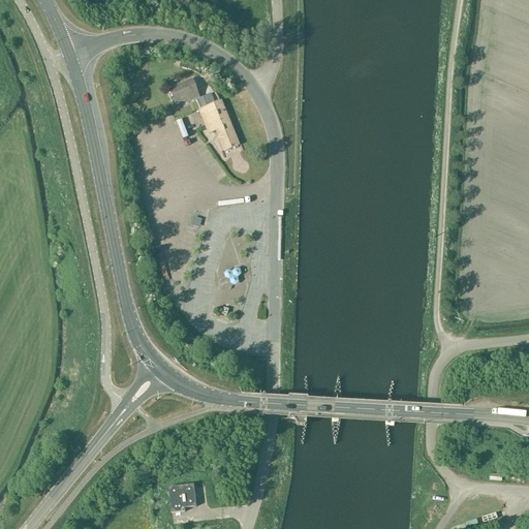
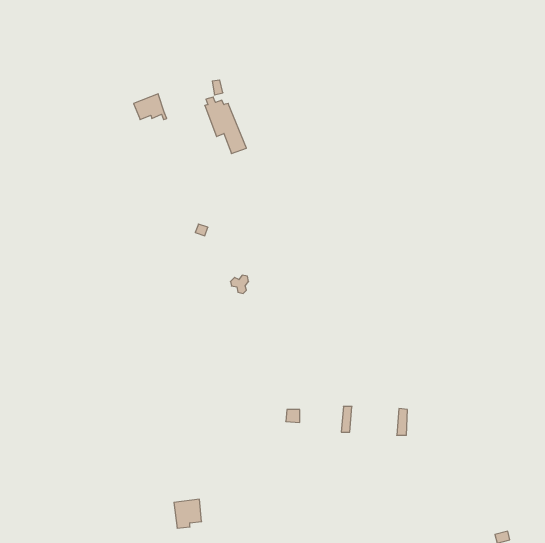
building: [169,77,201,102] -> [134,94,167,120]

